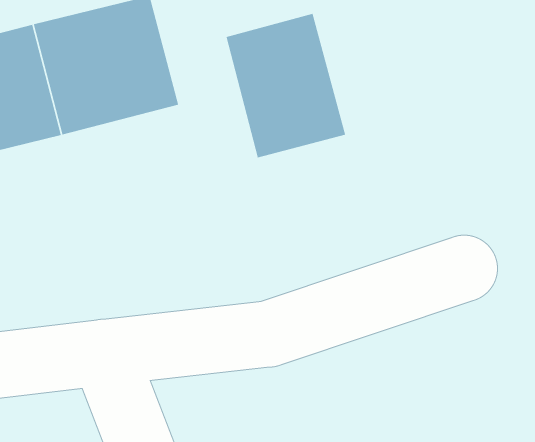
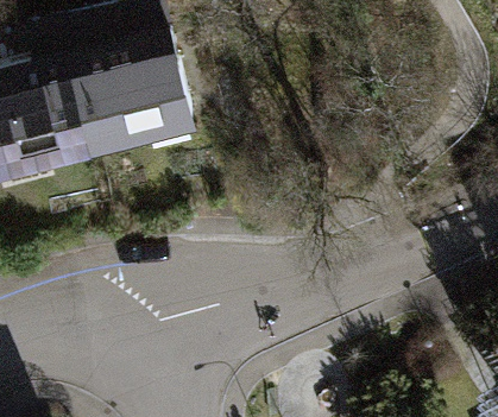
building: [225,13,346,158] -> none

